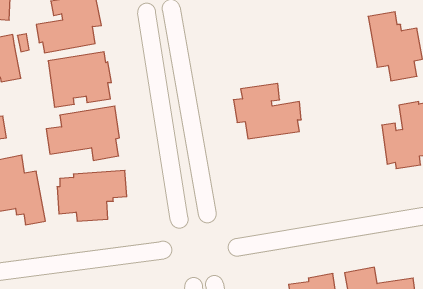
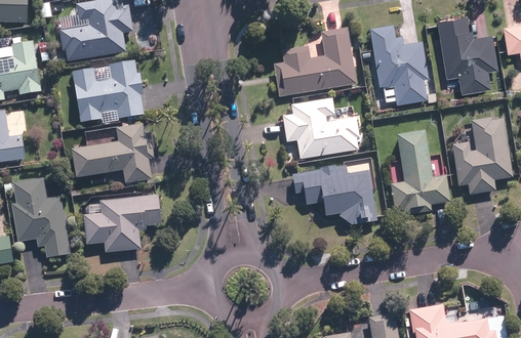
building: none -> [368,26,428,107]
building: none -> [273,28,357,97]
building: none -> [390,130,450,215]
building: none -> [293,162,378,226]

